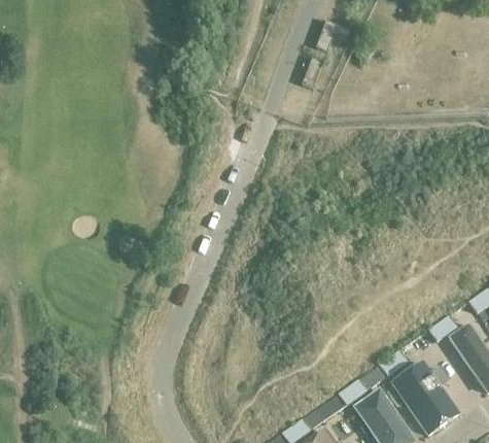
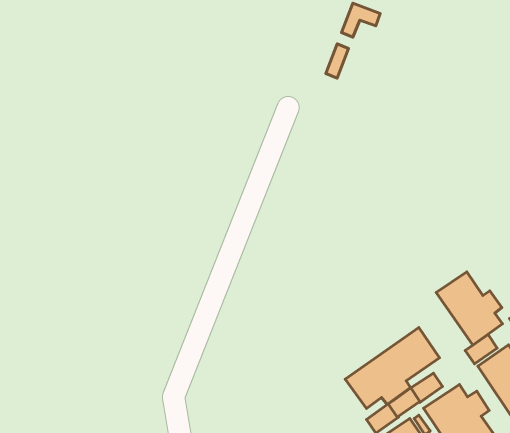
building: none -> [436,272,503,345]
building: none -> [345,328,439,408]

